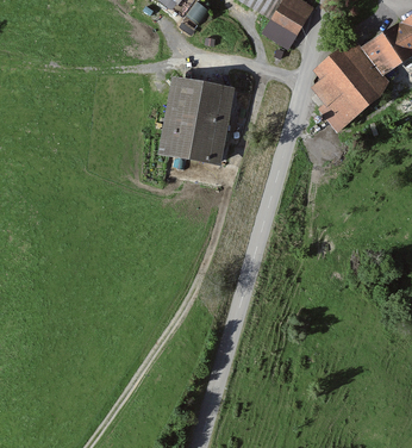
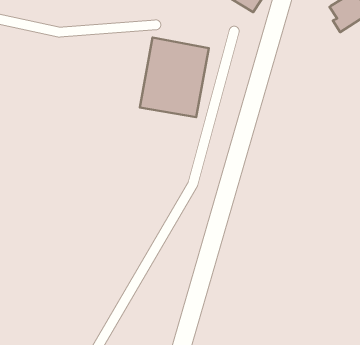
building: [318,42,385,130] -> none

